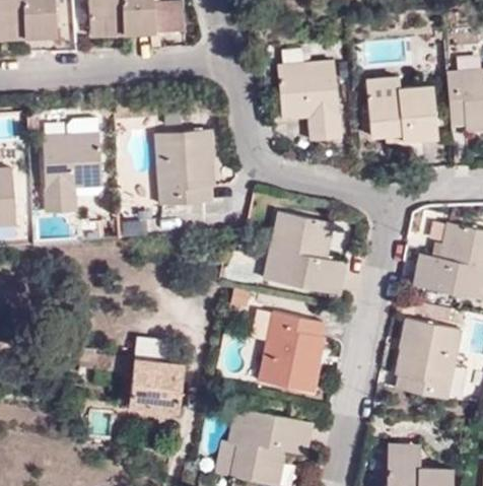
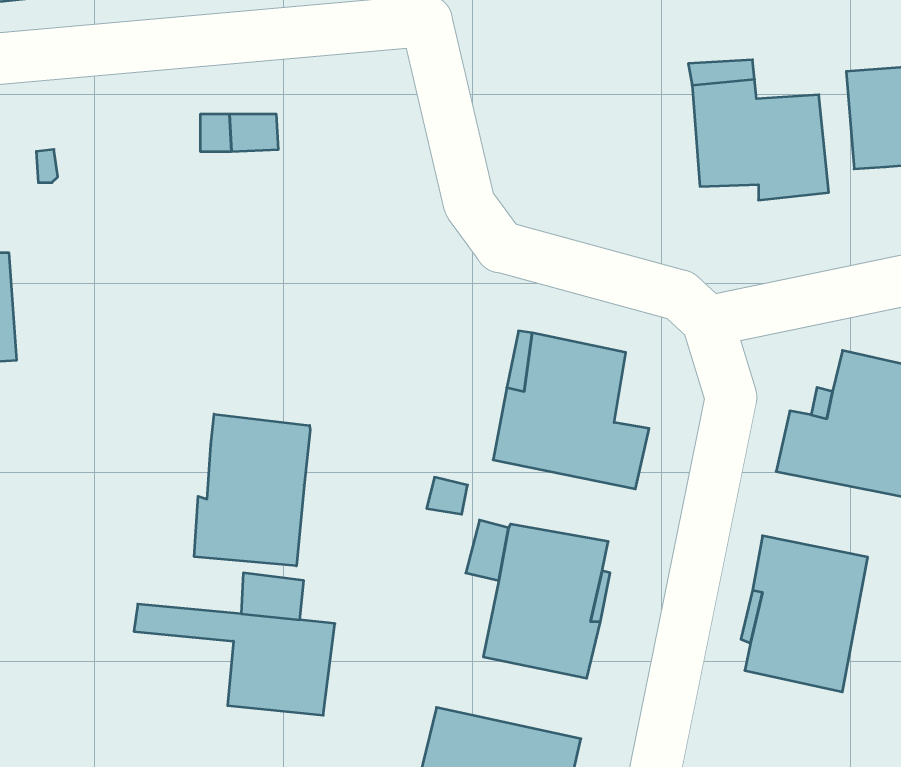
building: [278,65,342,142] -> none
building: [43,120,101,212] -> none
building: [155,131,213,204] -> none
building: none -> [194,414,310,566]

